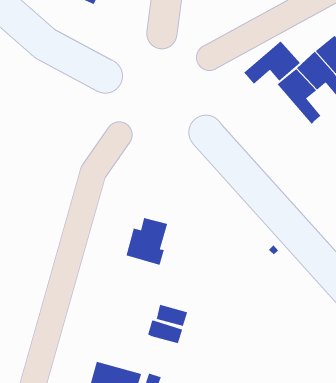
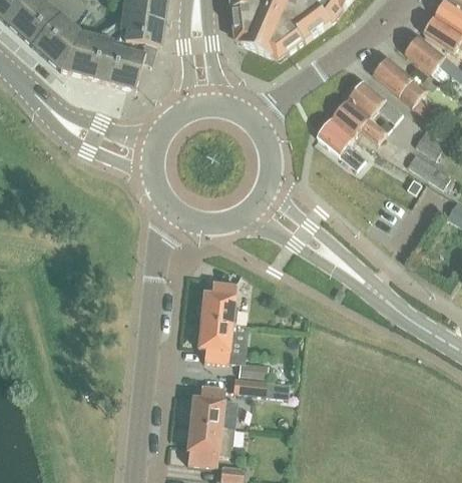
building: [243,41,301,85] -> none
building: none -> [197,320,235,363]
building: none -> [188,385,237,428]

